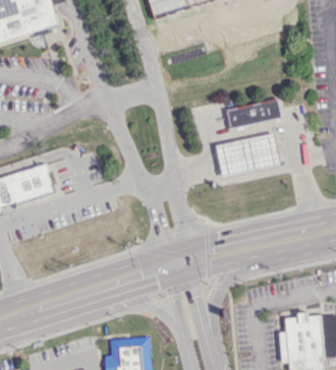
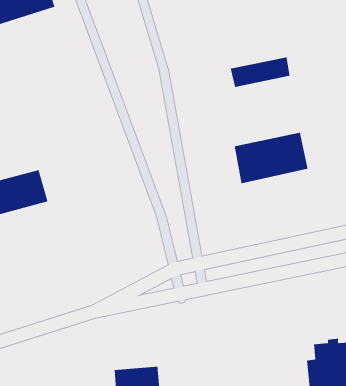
building: [226,100,279,127] -> [230,56,291,88]

